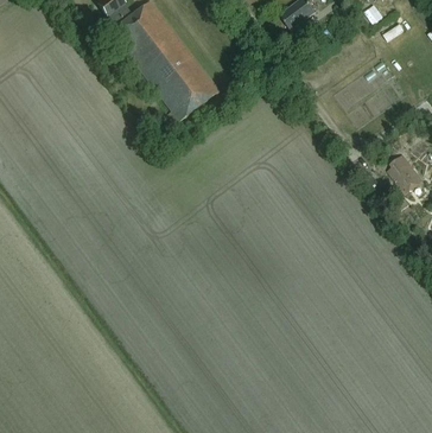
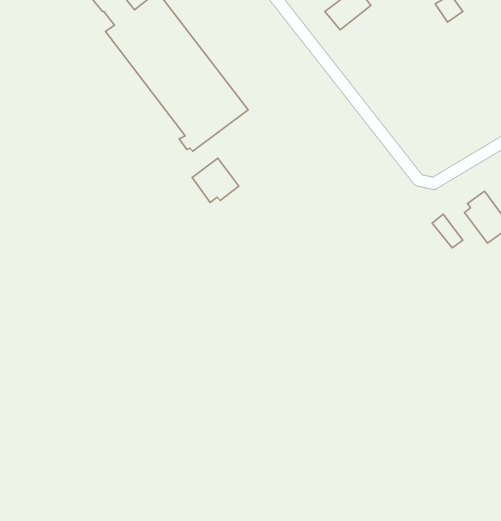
building: none -> [192,158,239,202]

